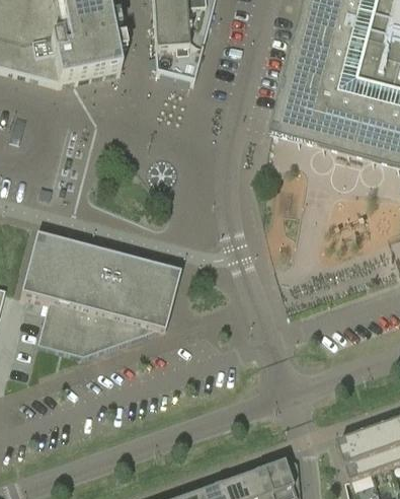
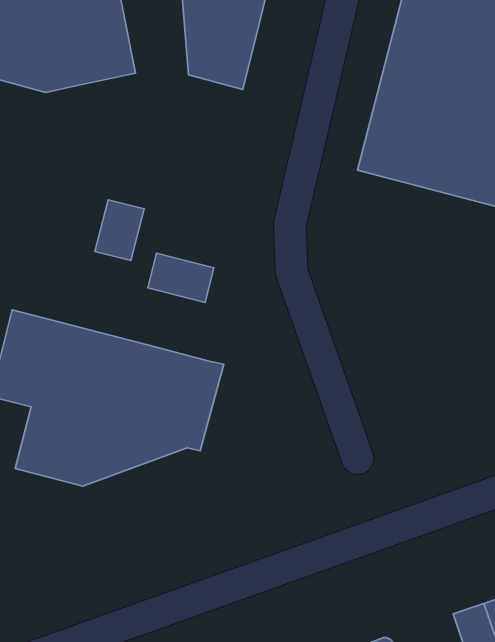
building: none -> [95,200,144,261]
building: none -> [148,253,214,302]

